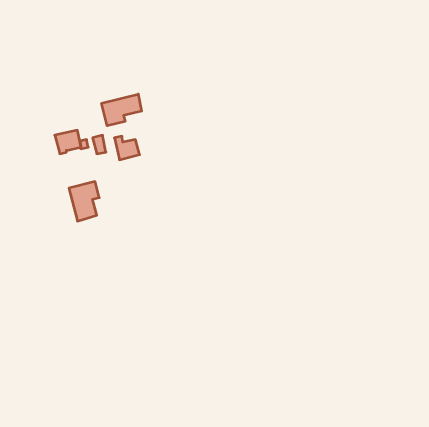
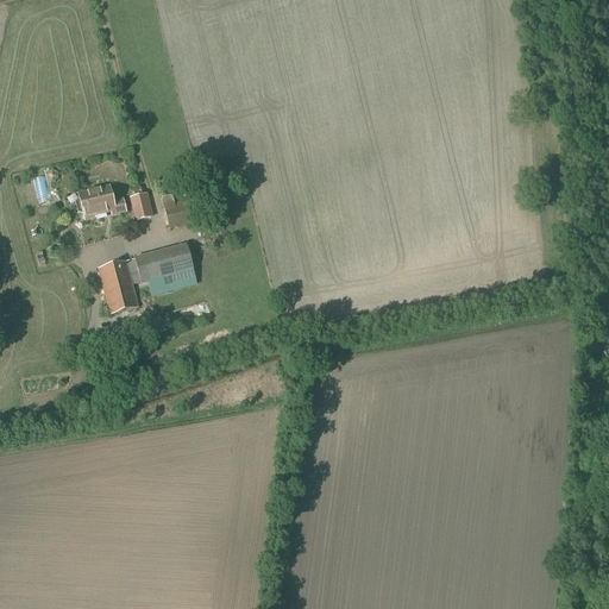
building: [102,94,142,126] -> none
building: none -> [134,243,196,293]

